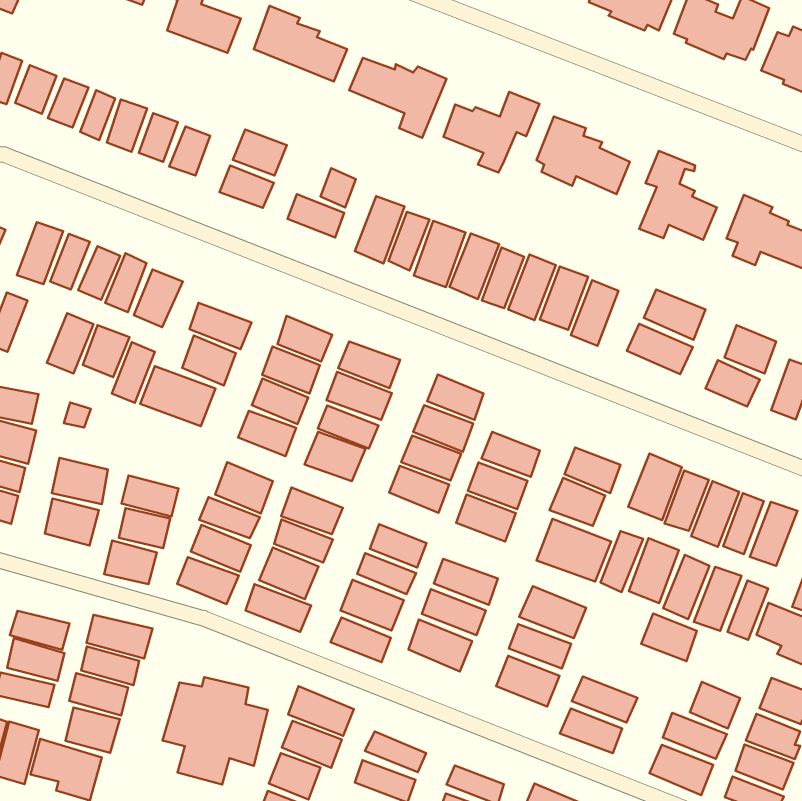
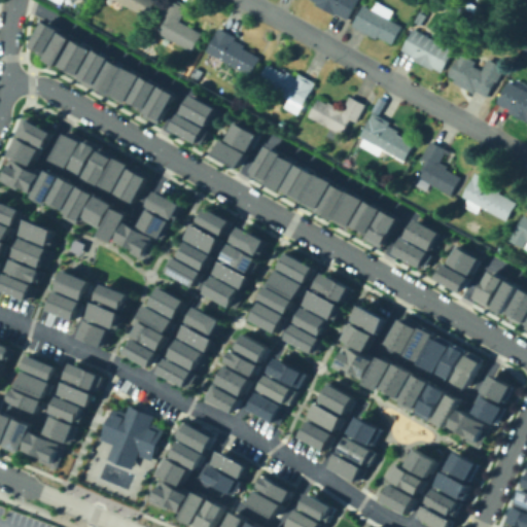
building: none -> [45,179,73,211]
building: none -> [312,272,346,302]
building: [641,613,697,661] -> [345,416,378,446]

